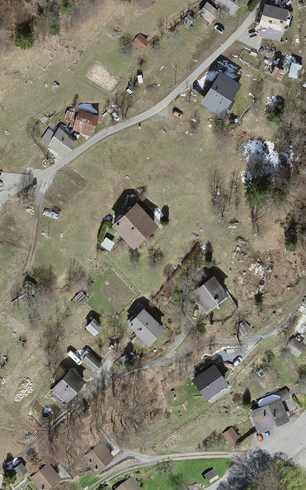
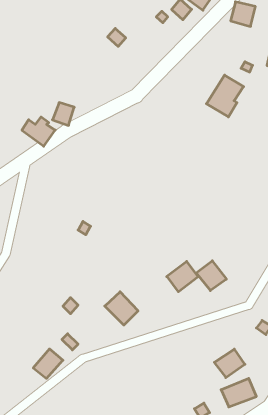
building: [201,72,240,116] -> [206,75,244,117]
building: [114,205,155,246] -> none
building: none -> [196,261,226,291]
building: [194,367,226,397] -> [214,349,245,378]

